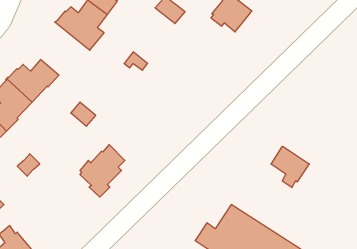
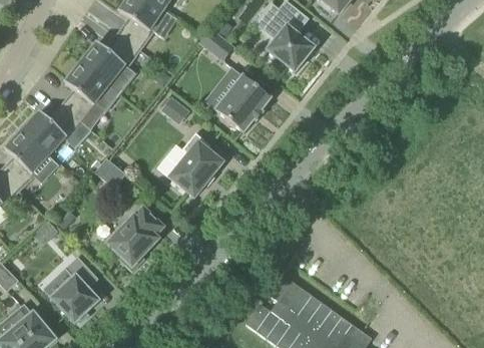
building: none -> [60,60,119,124]
building: none -> [214,75,270,131]
building: none -> [168,132,221,198]
building: [271,146,309,188] -> none
building: none -> [50,258,98,323]

